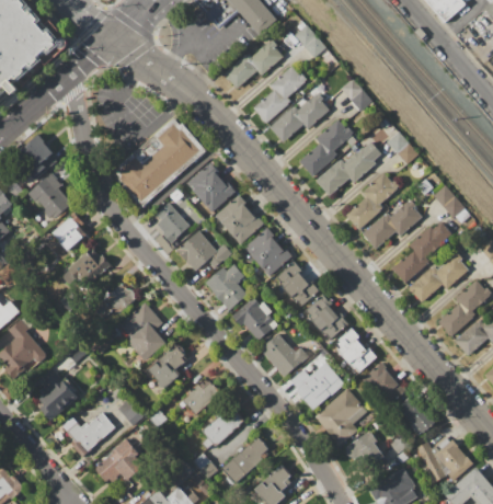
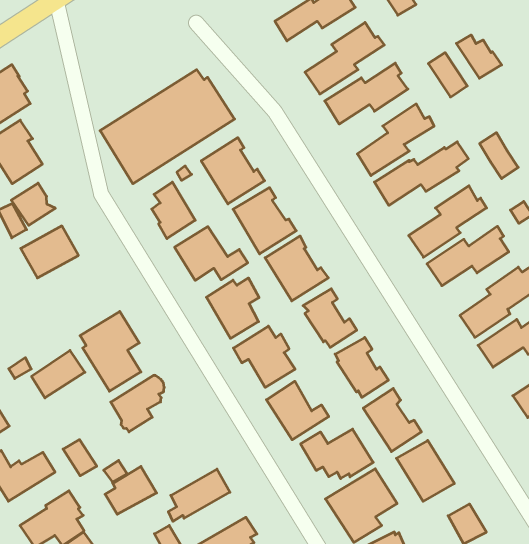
building: none -> [456,35,502,78]
building: [96,283,135,320] -> [32,350,85,398]
building: [183,377,220,414] -> [105,466,157,514]

